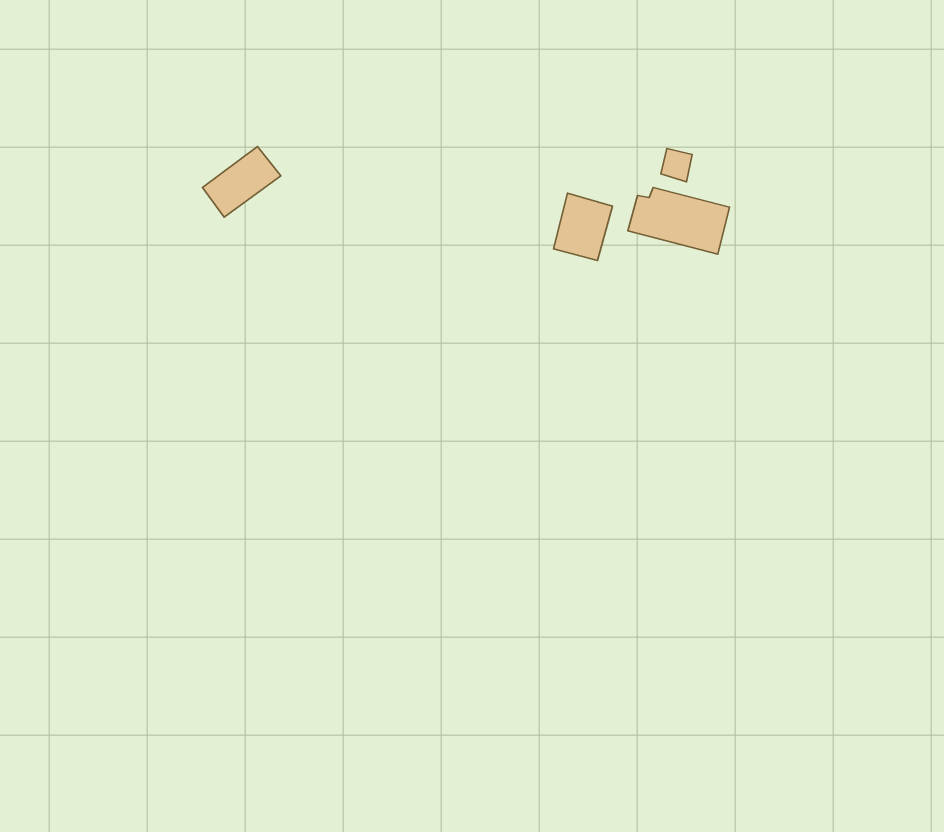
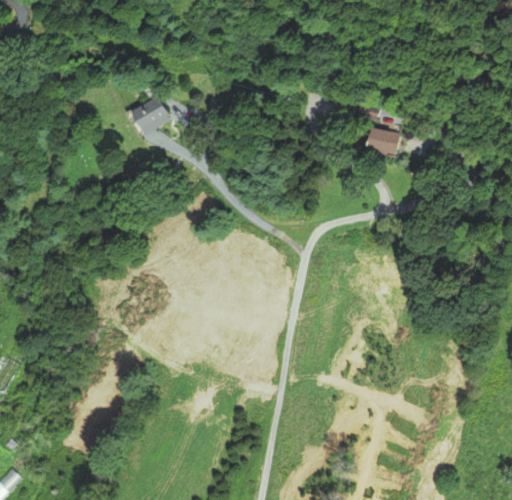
building: [554,193,612,260] -> none

